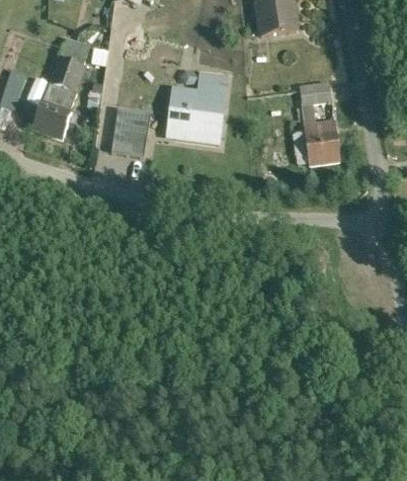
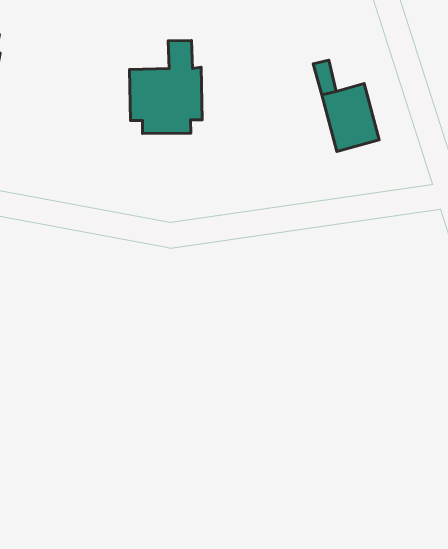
building: [298,82,330,102] -> none
building: [111,109,151,156] -> none

